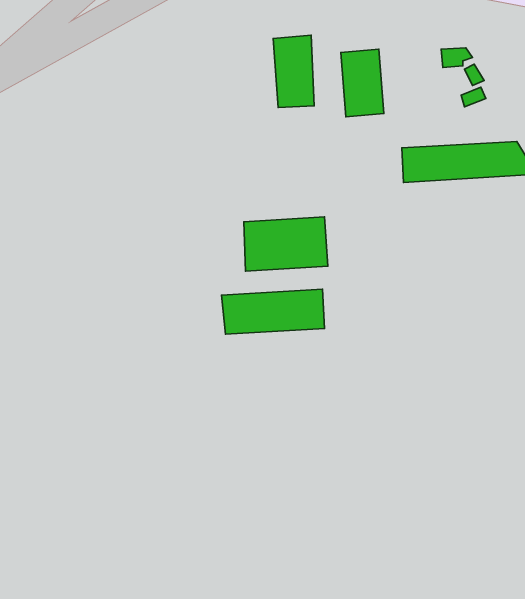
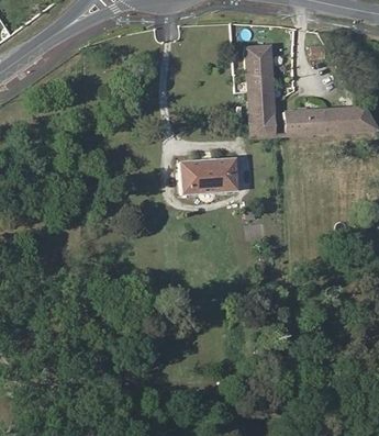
building: [273,35,314,108] -> [248,89,276,137]
building: [222,289,324,334] -> none

